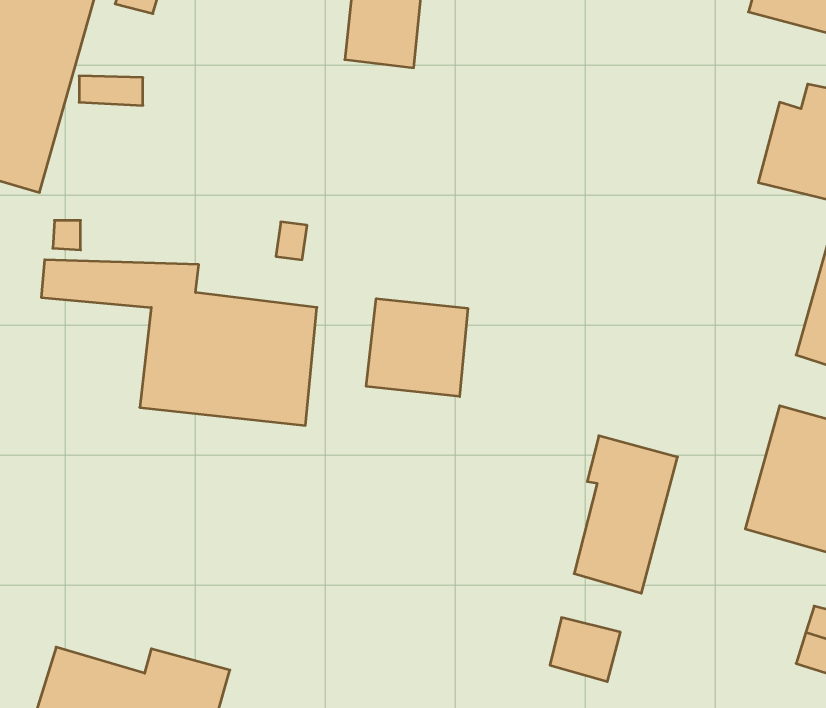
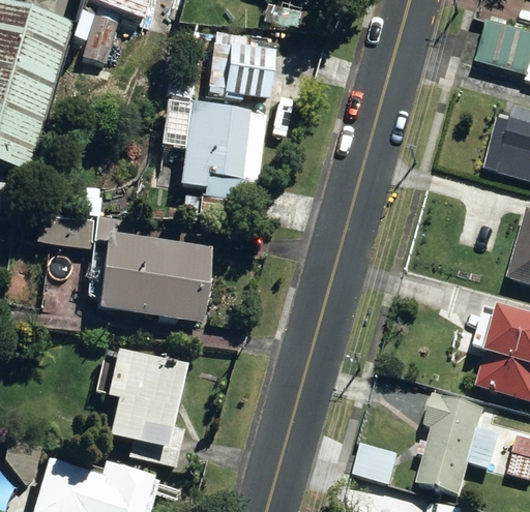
building: none -> [176,101,247,199]
building: [366,299,468,397] -> none
building: [574,436,678,593] -> [419,393,484,492]
building: none -> [102,348,183,466]

